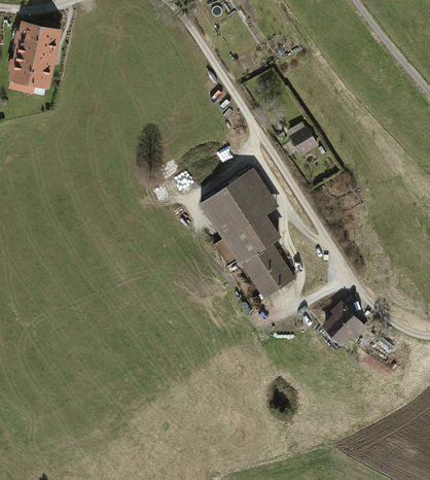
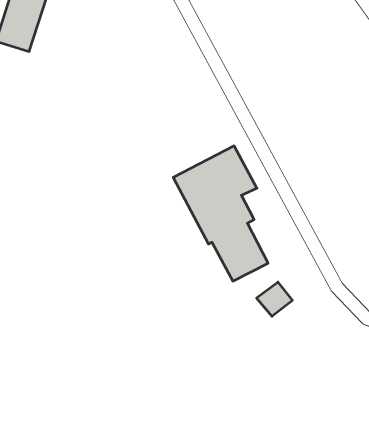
building: [288,126,317,156] -> none
building: [326,306,361,340] -> [257,282,292,316]

